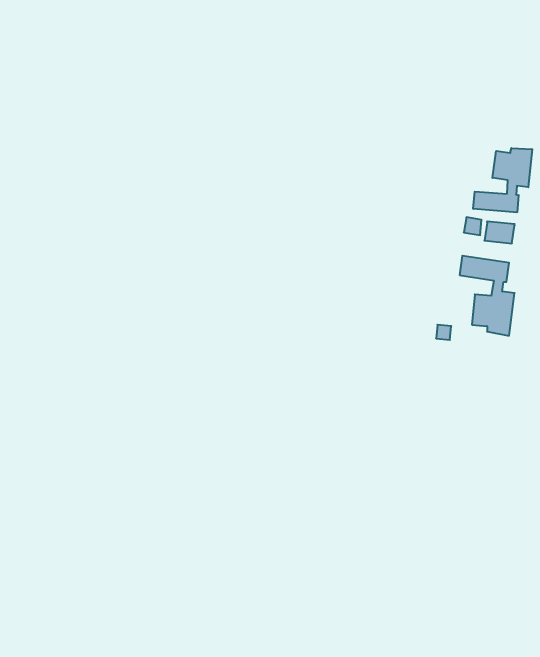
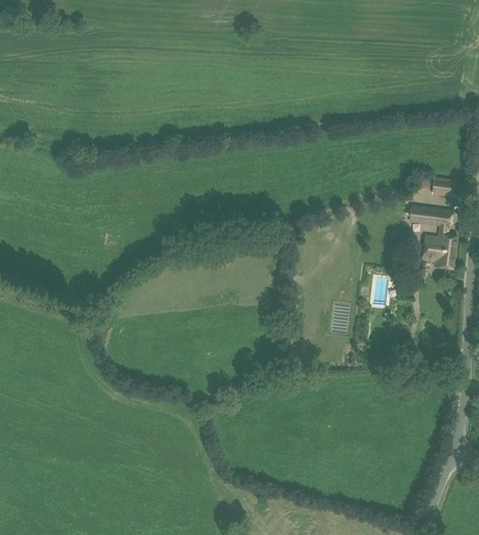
building: [473,148,532,212] -> none

